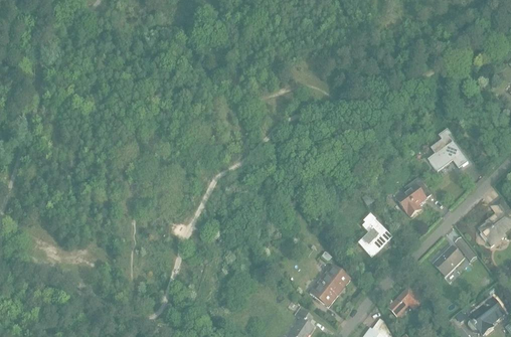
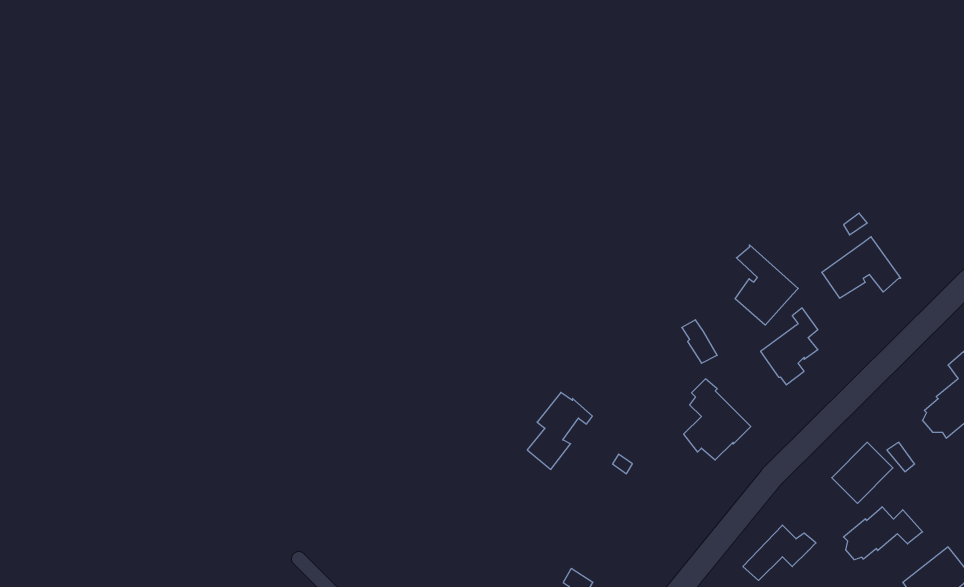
building: none -> [735,245,798,325]
building: [315,268,348,307] -> [527,392,592,469]
building: none -> [843,507,923,560]

